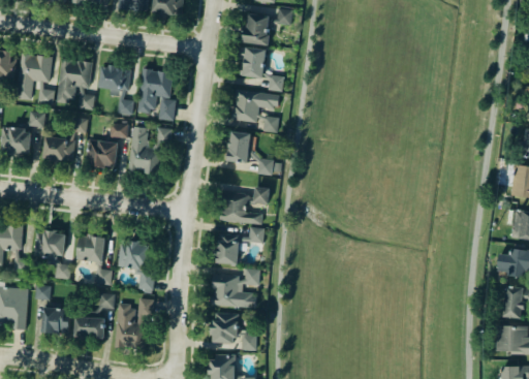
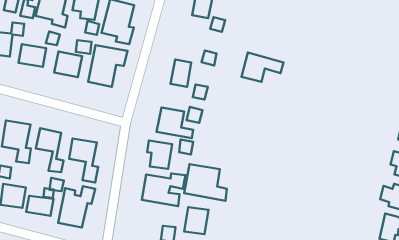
building: [231,89,280,122] -> [241,53,284,82]
building: none -> [184,164,227,201]
building: [212,313,238,343] -> [184,207,208,234]

